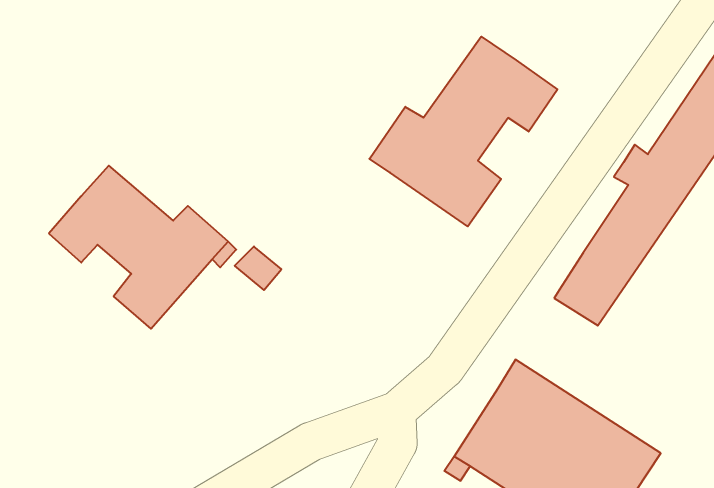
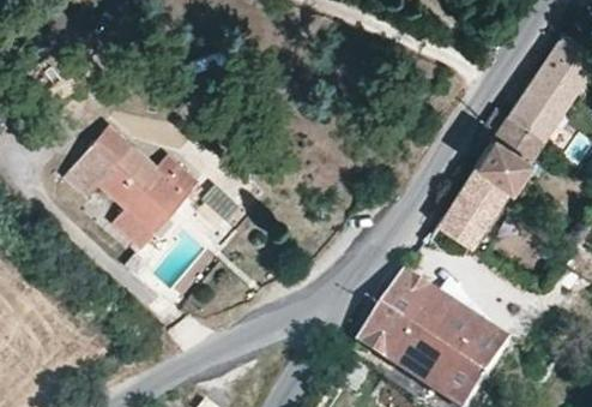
building: [369,37,557,226] -> none

